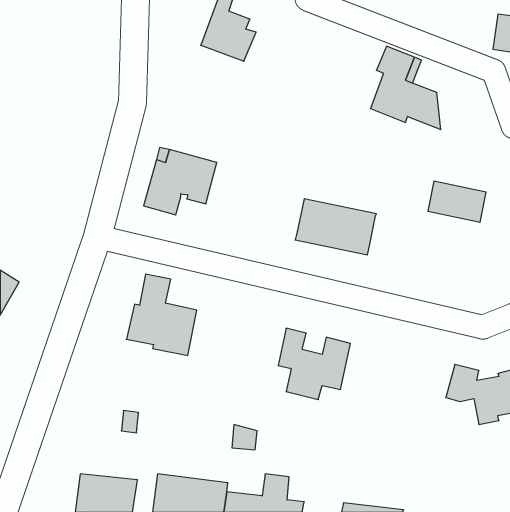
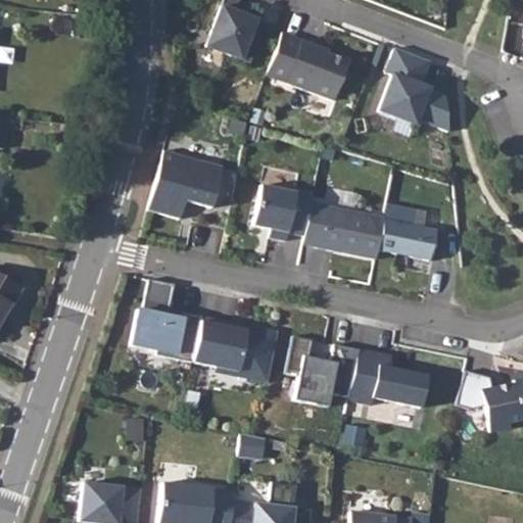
building: none -> [268,33,350,101]
building: [428,181,486,222] -> [379,220,438,262]
building: none -> [254,185,314,241]
building: none -> [194,316,280,382]
building: none -> [348,347,427,410]

